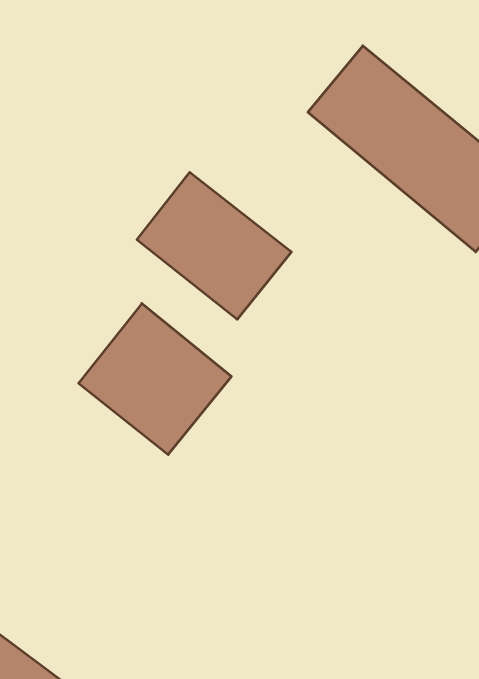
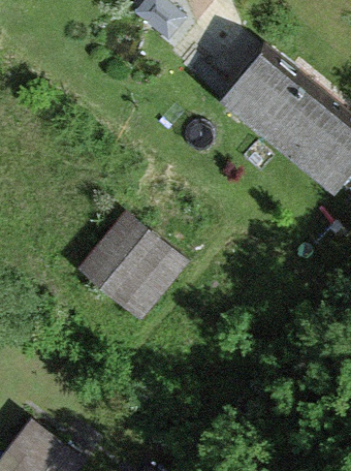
building: [137,172,291,319] -> none

